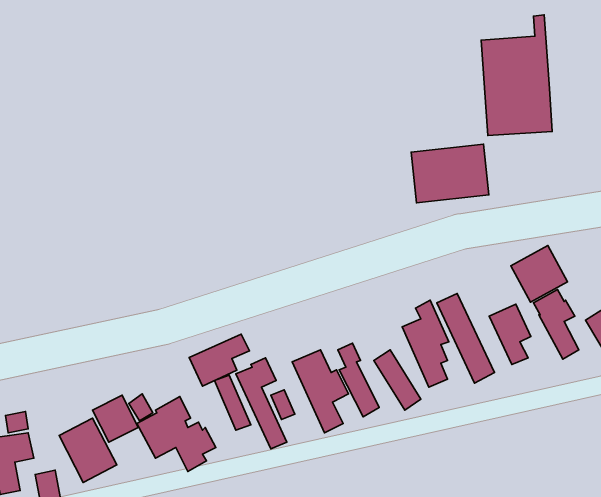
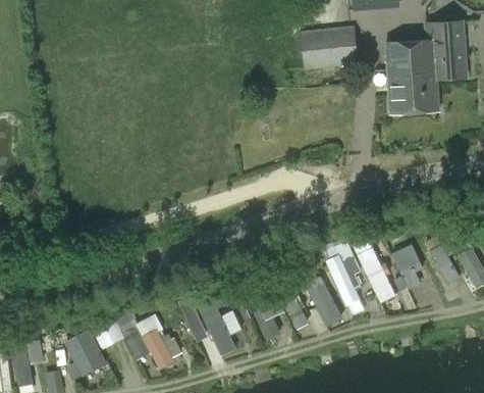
building: none -> [432,20,465,79]
building: [411,144,489,203] -> [299,26,358,70]
building: [511,246,567,302] -> none
building: [189,334,250,386] -> none

